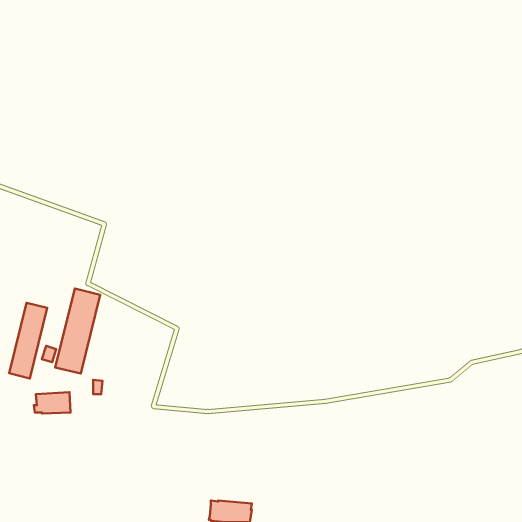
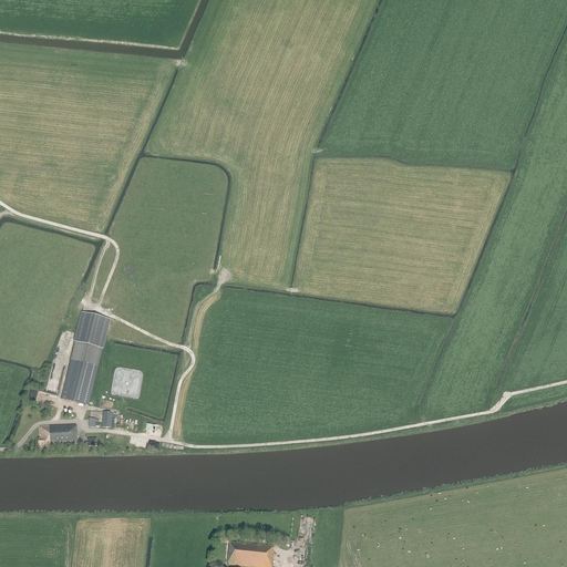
building: [9,303,47,378] -> none

